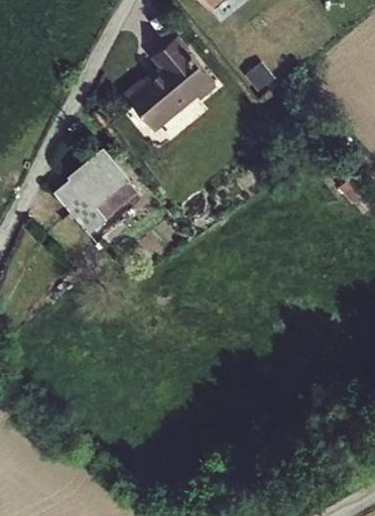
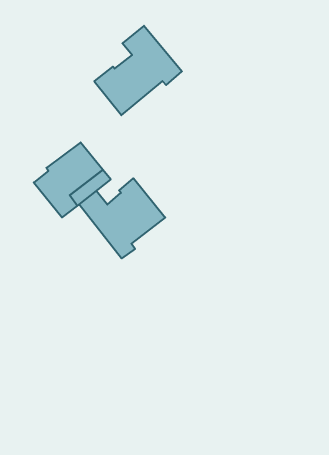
building: none -> [79,178,165,258]

